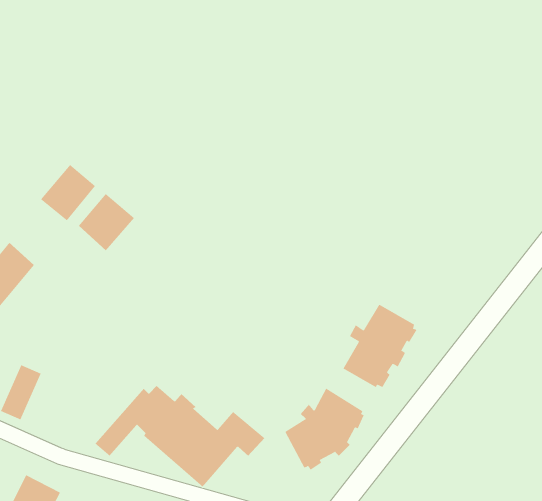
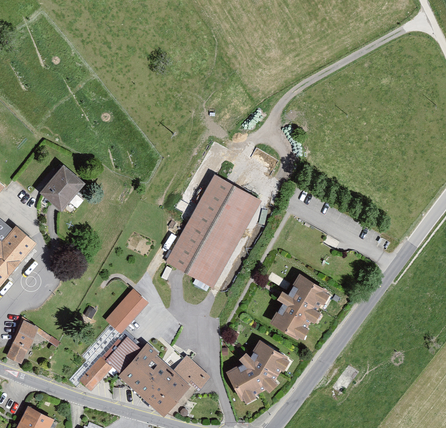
building: none -> [164,175,261,290]
building: [78,193,135,251] -> none
building: none -> [105,289,148,334]

